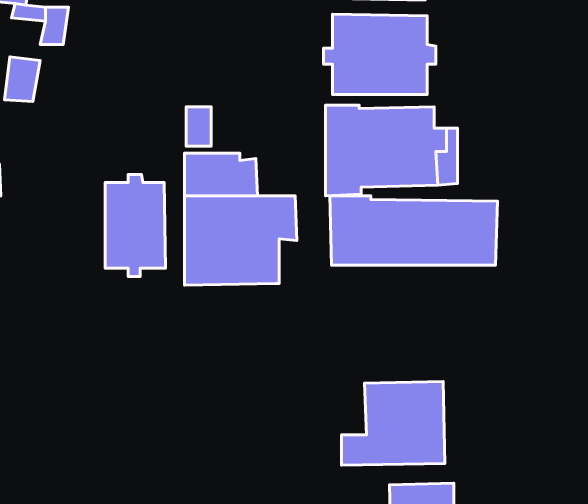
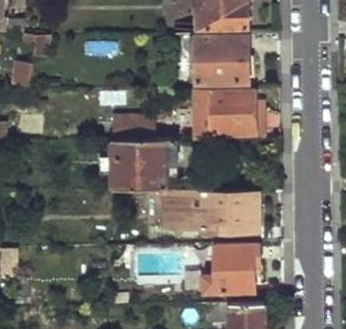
building: [105,175,166,276] -> none
building: [330,196,497,265] -> [162,190,257,229]

